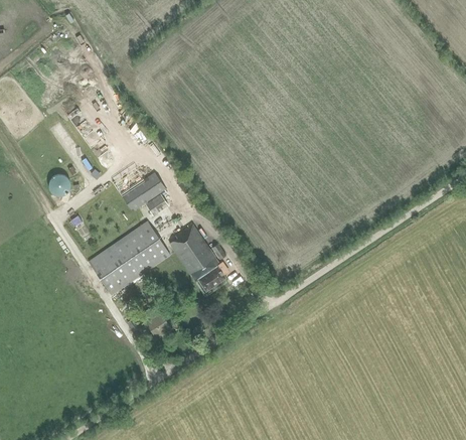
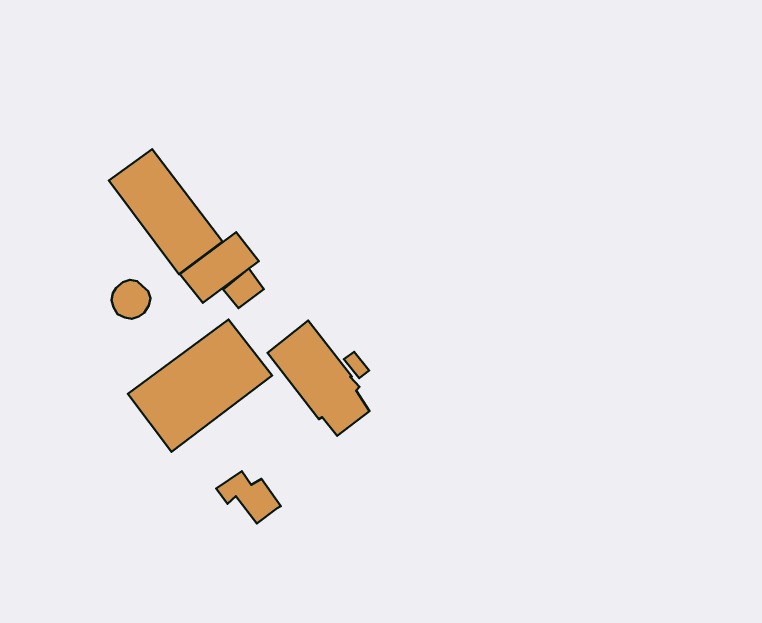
building: none -> [109,149,223,274]
building: [48,174,70,196] -> [112,280,150,319]

